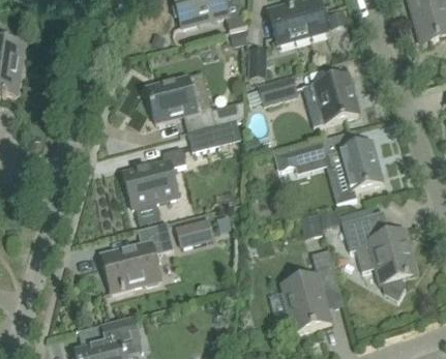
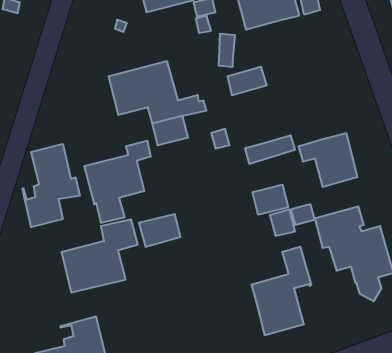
building: [302,73,358,128] -> none
building: none -> [22,144,80,227]
building: none -> [253,185,288,215]

